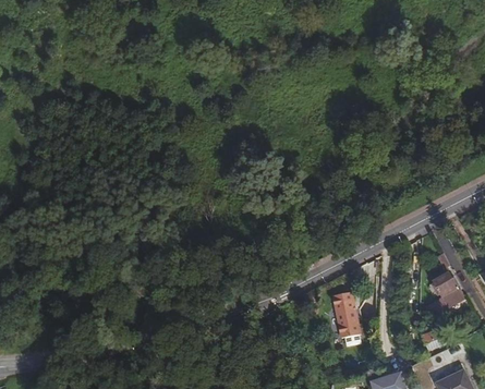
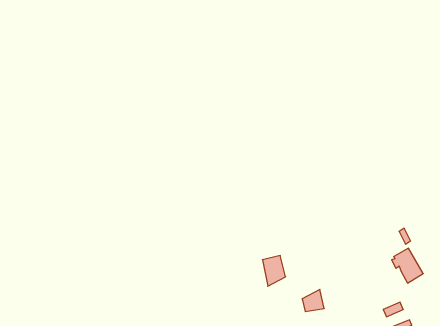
building: [331,293,355,325] -> [262,256,286,286]

